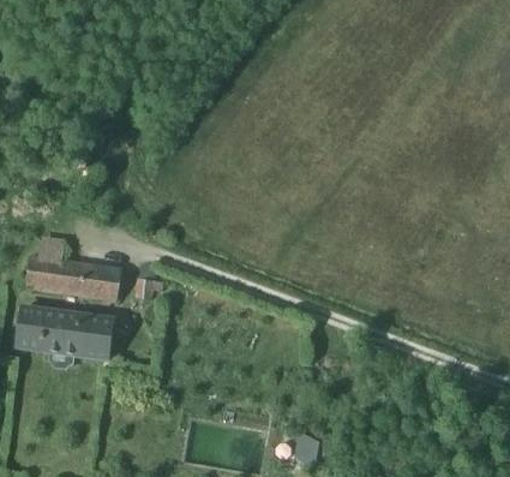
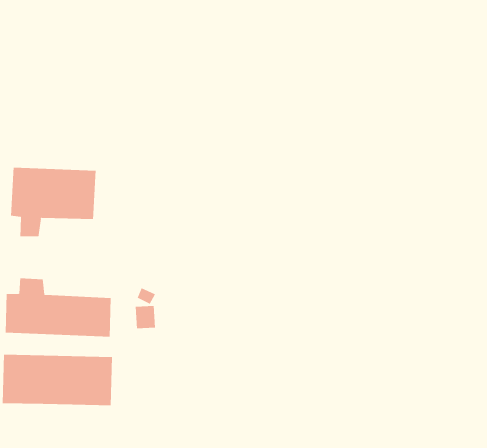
building: none -> [11,167,96,237]

